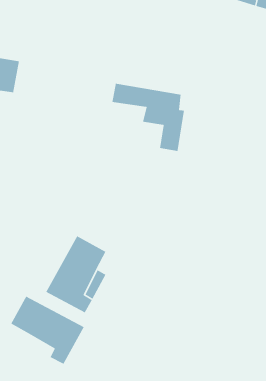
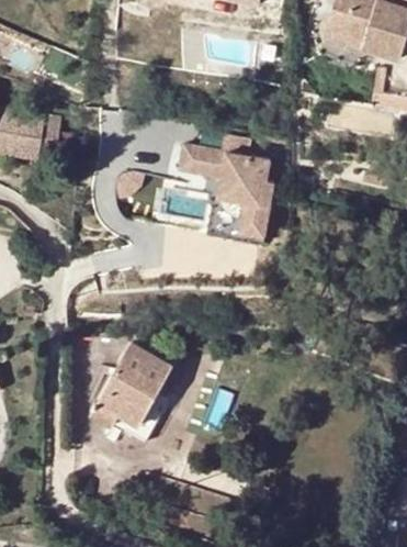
building: [10,295,85,365] -> none

